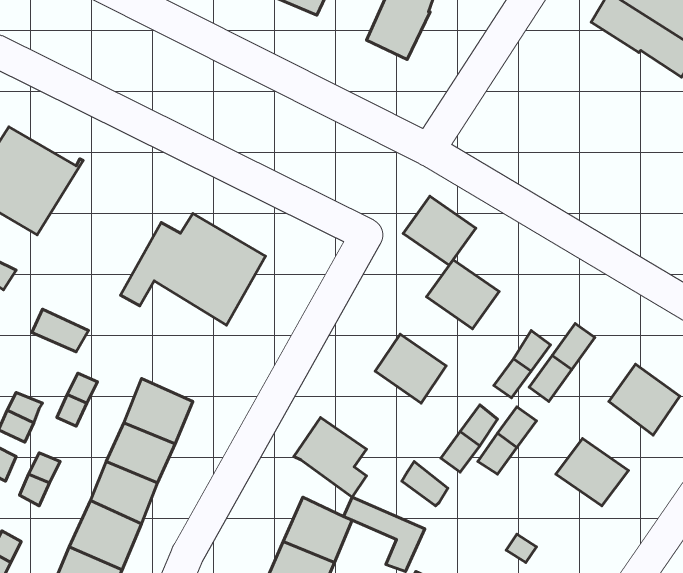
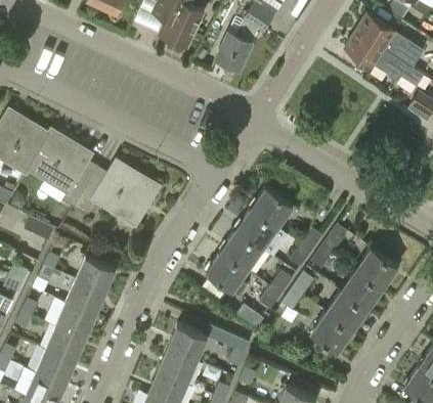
building: none -> [26,129,97,207]
building: [403,196,476,265] -> [235,208,277,248]
building: none -> [341,268,382,308]
building: [294,417,366,497] -> [206,251,248,297]
building: none -> [310,310,352,351]

